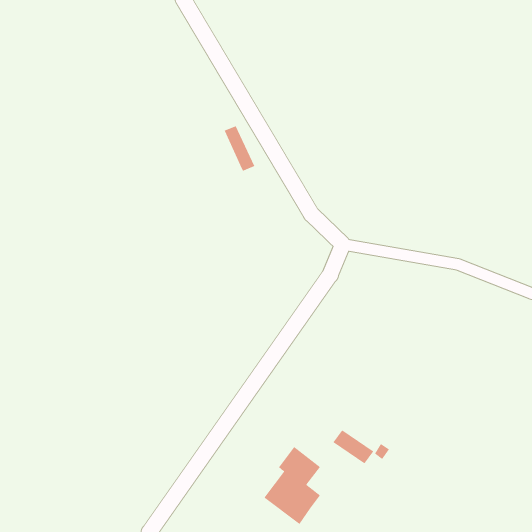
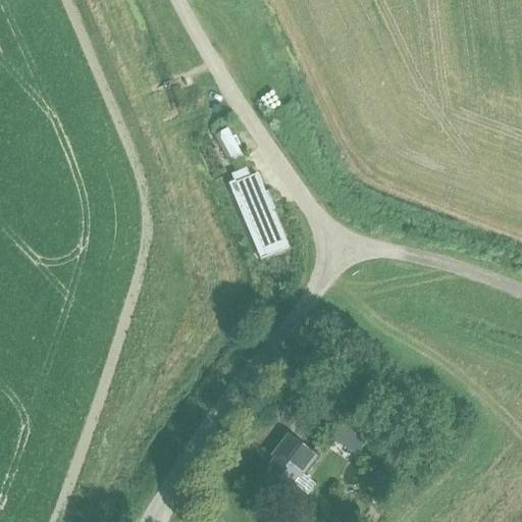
building: none -> [229,167,280,244]

